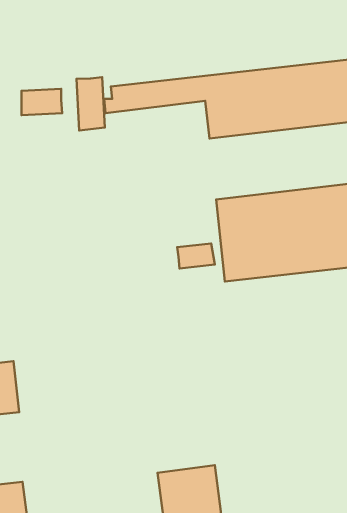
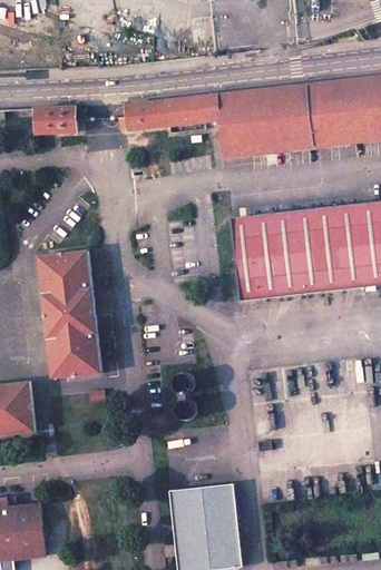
building: [76,77,105,130] -> none
building: none -> [37,248,100,377]
building: [177,243,215,269] -> none

